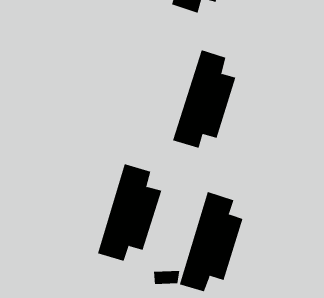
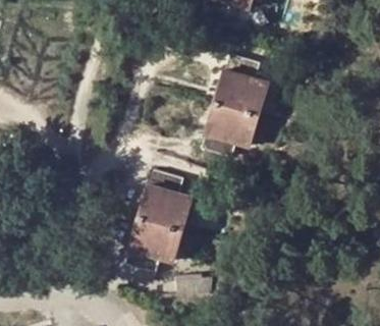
building: [179,191,243,292] -> none

